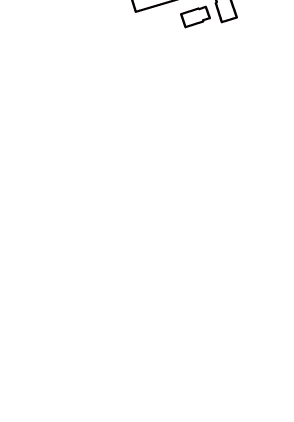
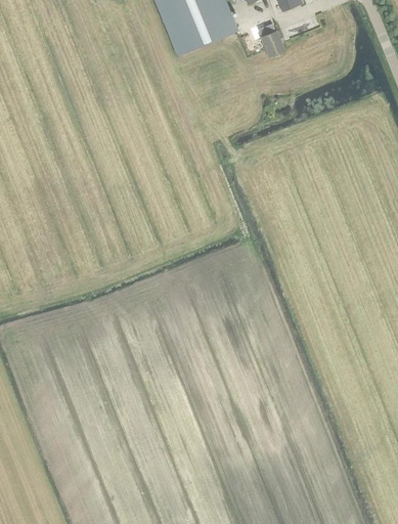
building: [181,7,210,27] -> none

